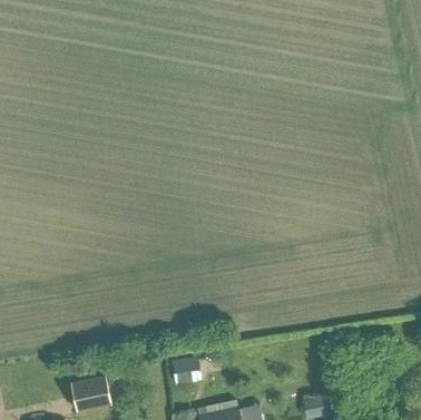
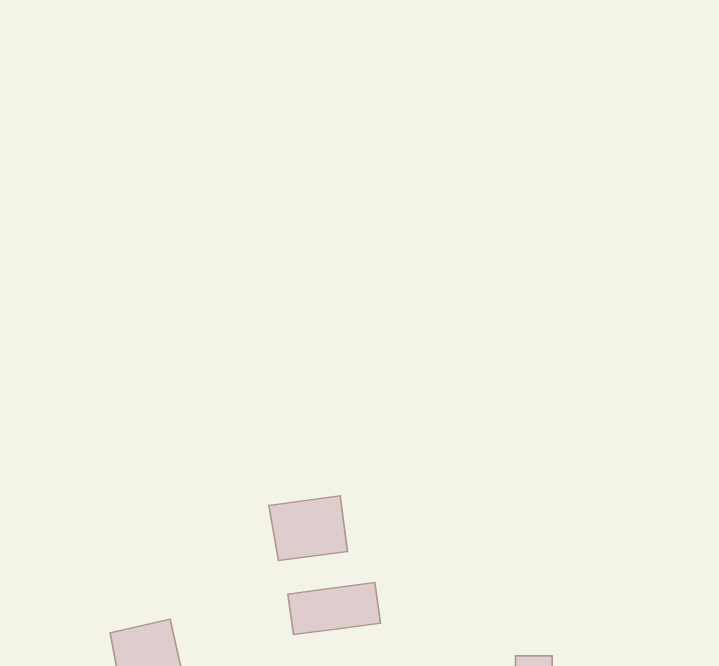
building: none -> [269,496,348,560]

